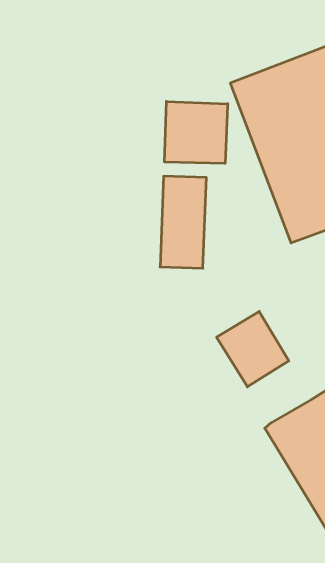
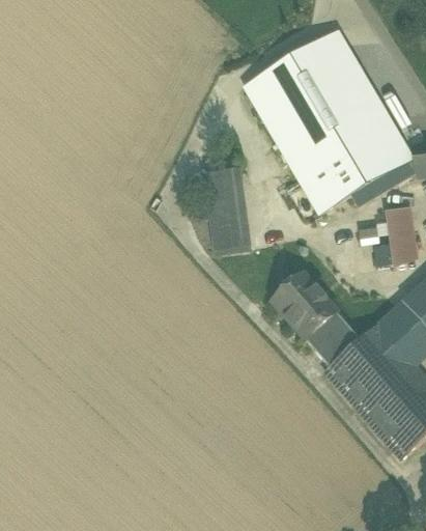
building: [165,101,228,163] -> none
building: none -> [306,309,361,364]

